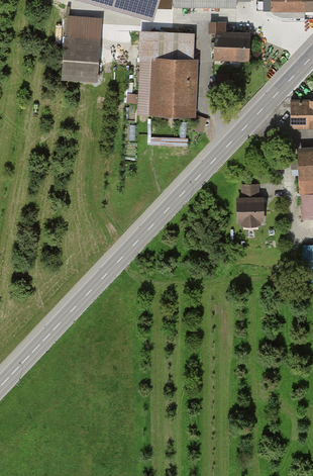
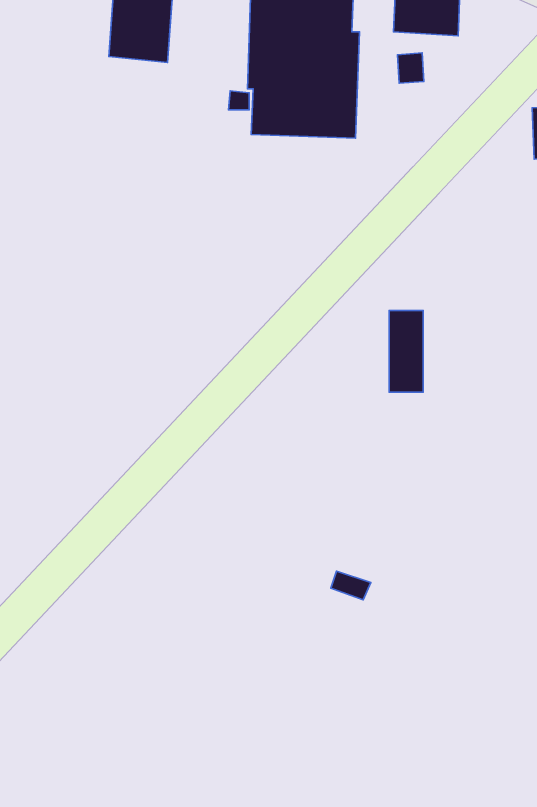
building: [242,183,260,226] -> [389,310,423,392]

